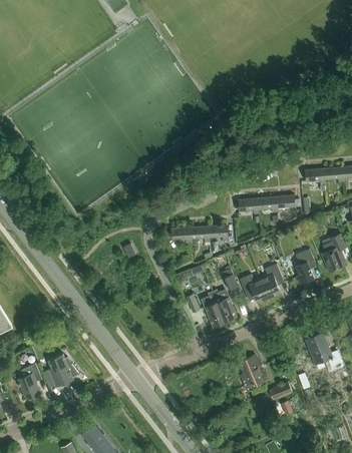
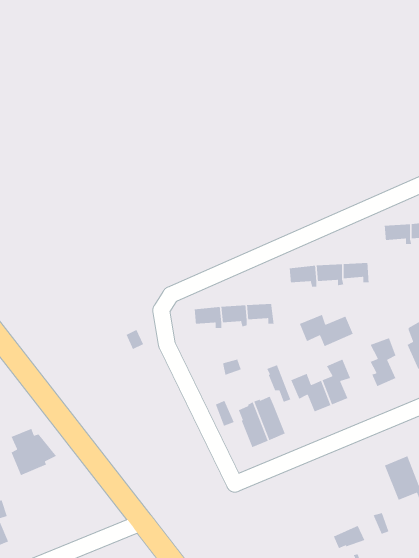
building: none -> [299,314,354,347]
building: [48,354,81,388] -> [10,428,57,476]
building: [240,356,266,389] -> none

